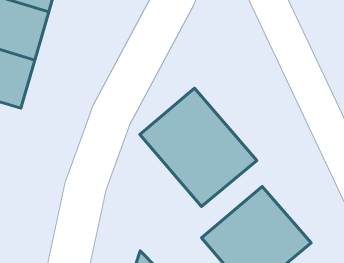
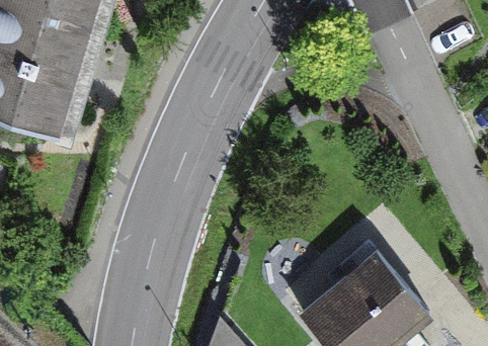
building: [140,88,257,206] -> none

